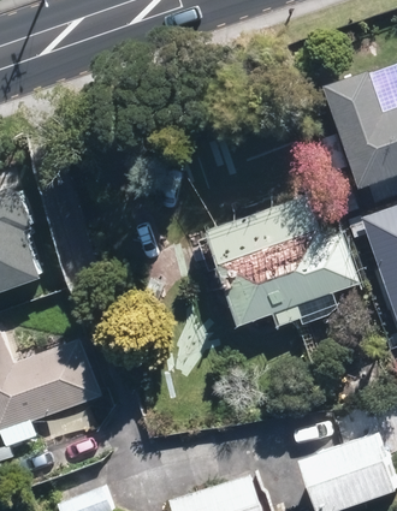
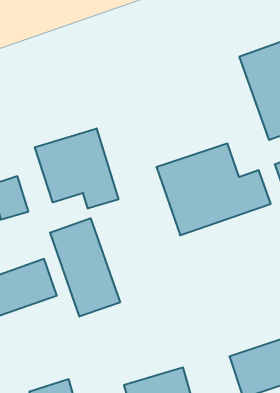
building: none -> [35,128,118,209]
building: none -> [50,218,120,317]

